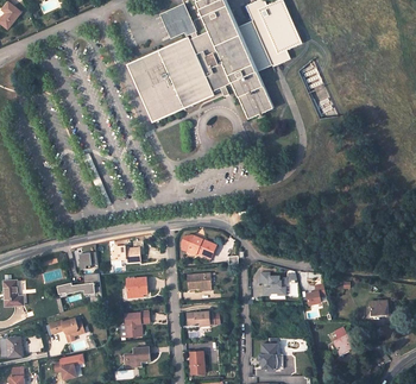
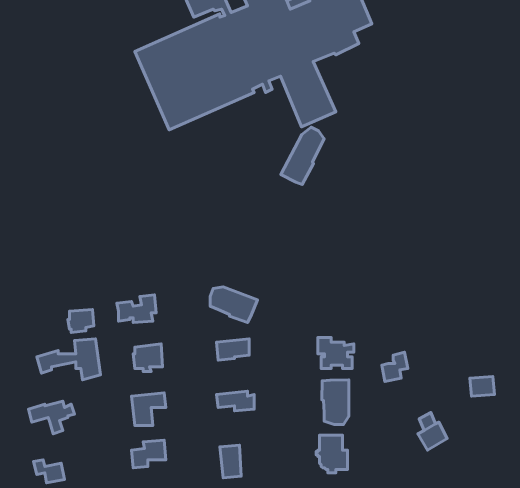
building: none -> [281,127,324,184]
building: none -> [322,380,349,425]

